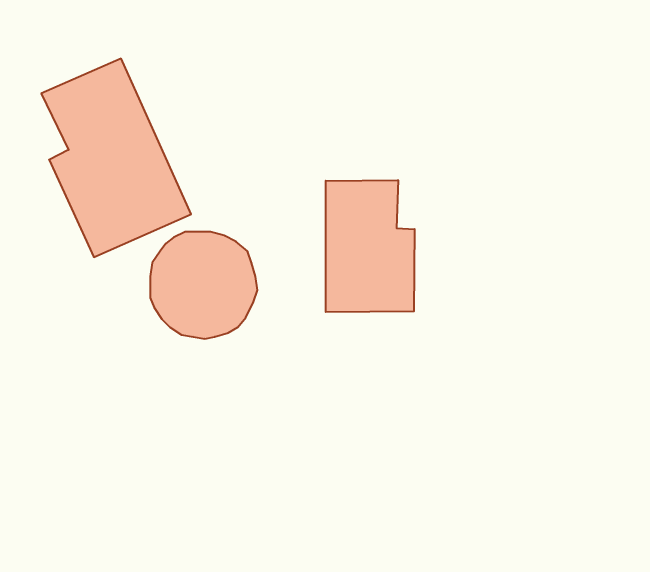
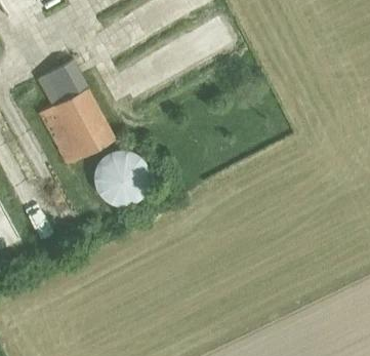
building: [326,180,415,312] -> none

